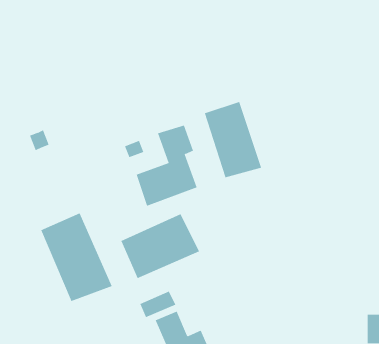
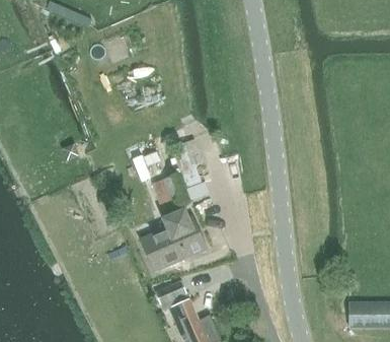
building: [204,101,262,178] -> none
building: [40,213,112,302] -> none

